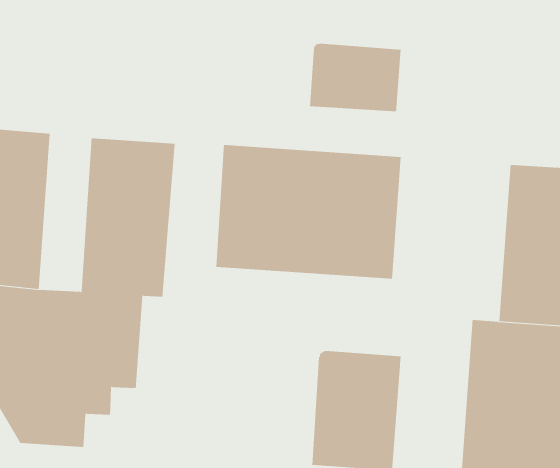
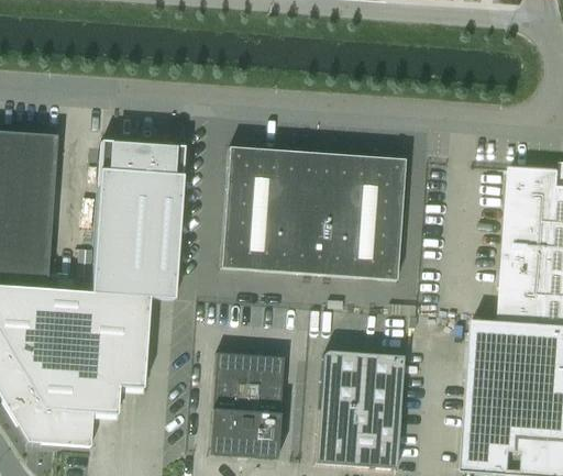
building: [310,43,401,112] -> none
building: none -> [209,351,284,458]

